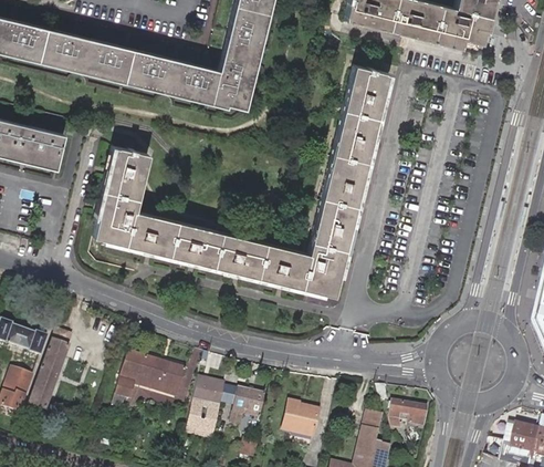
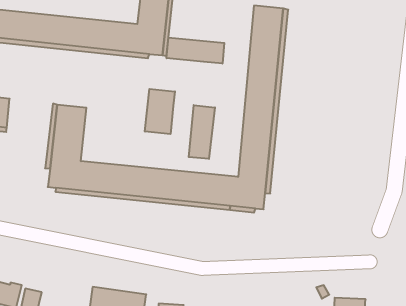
building: none -> [167,38,224,64]
building: none -> [145,89,175,134]
building: none -> [189,105,215,159]

